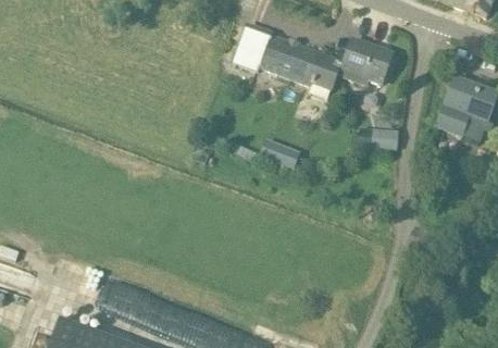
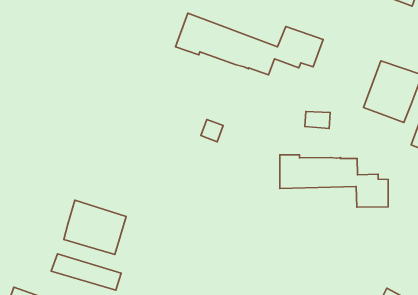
building: none -> [280,155,388,207]
building: none -> [64,200,126,255]

